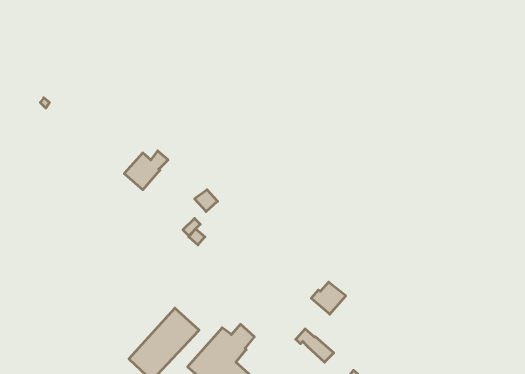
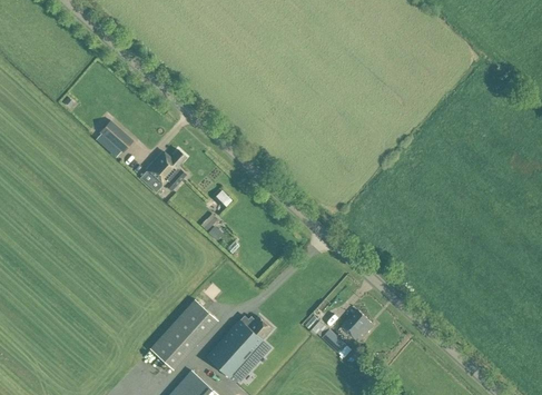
building: none -> [93,119,132,157]
building: [311,282,346,314] -> [341,310,374,342]

